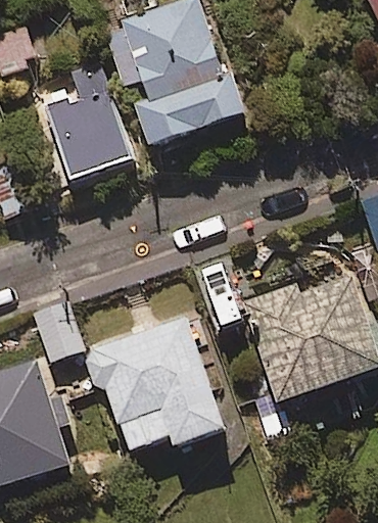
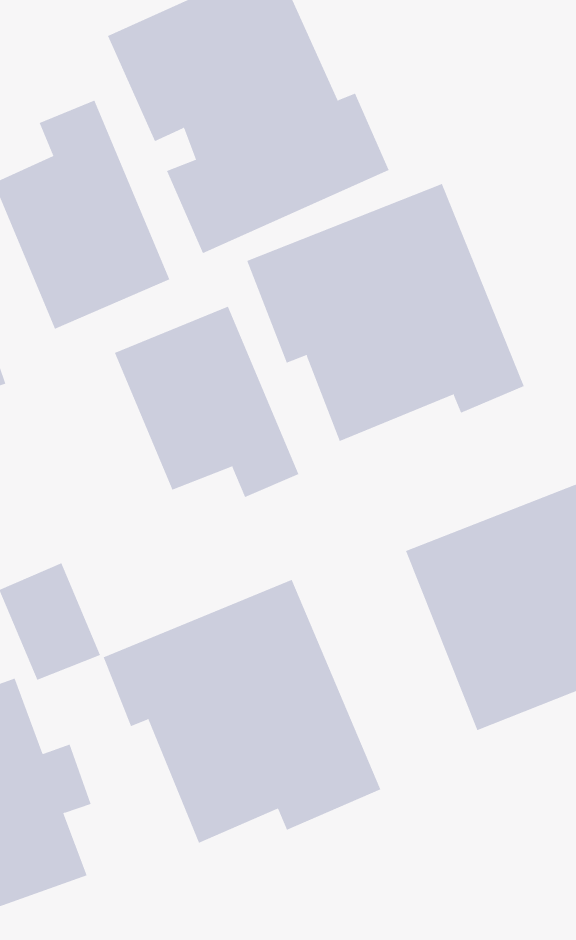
building: none -> [247,183,524,442]
building: none -> [114,306,299,498]

